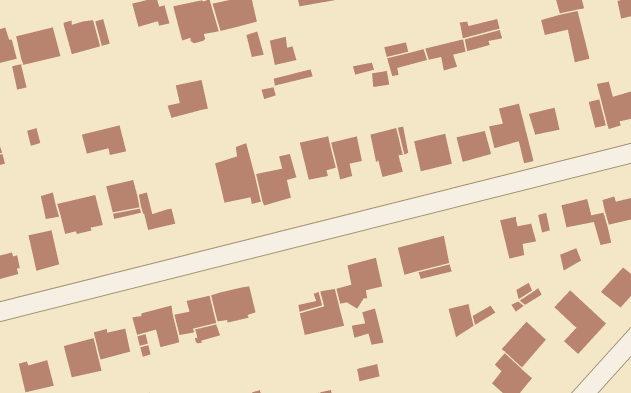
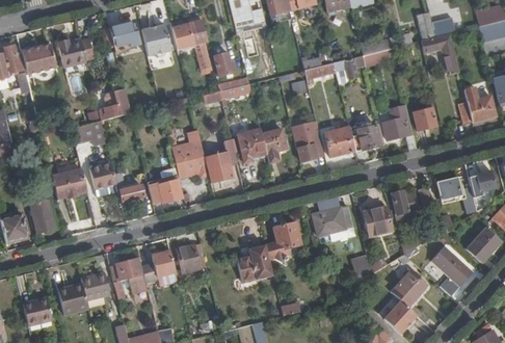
building: [167,79,209,119] -> [98,89,130,120]
building: none -> [147,173,182,203]
building: none -> [363,205,391,235]
building: [351,308,384,346] -> none

